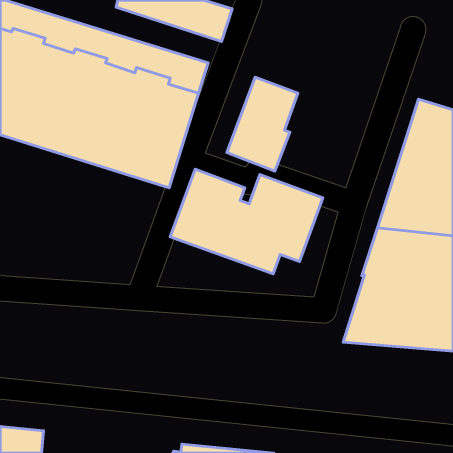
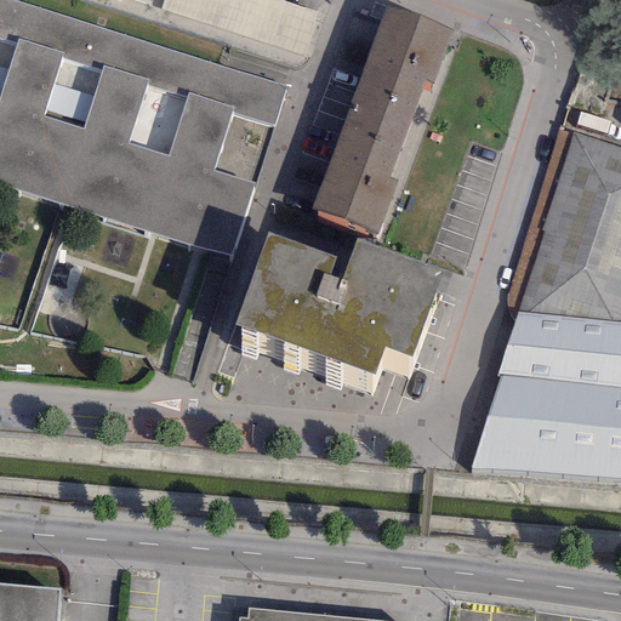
building: none -> [349,6,452,127]

